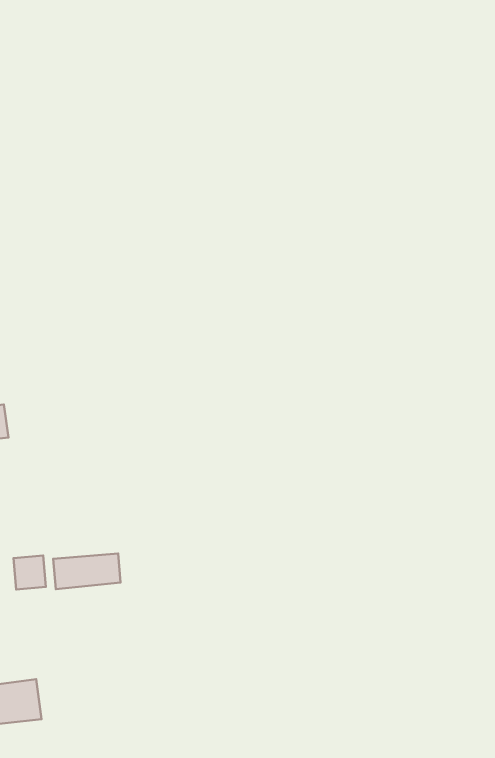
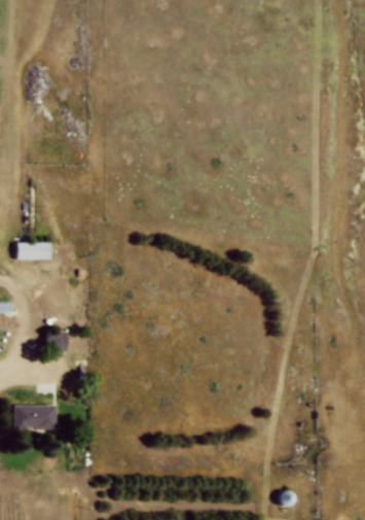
building: [53,554,121,589] -> none

